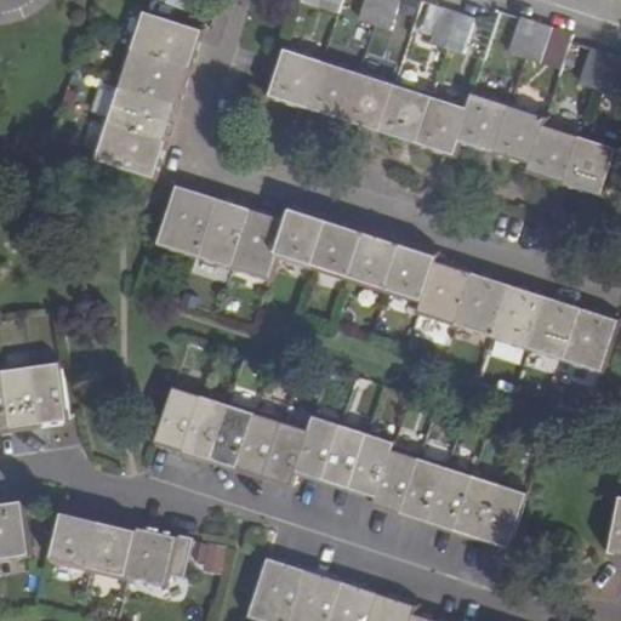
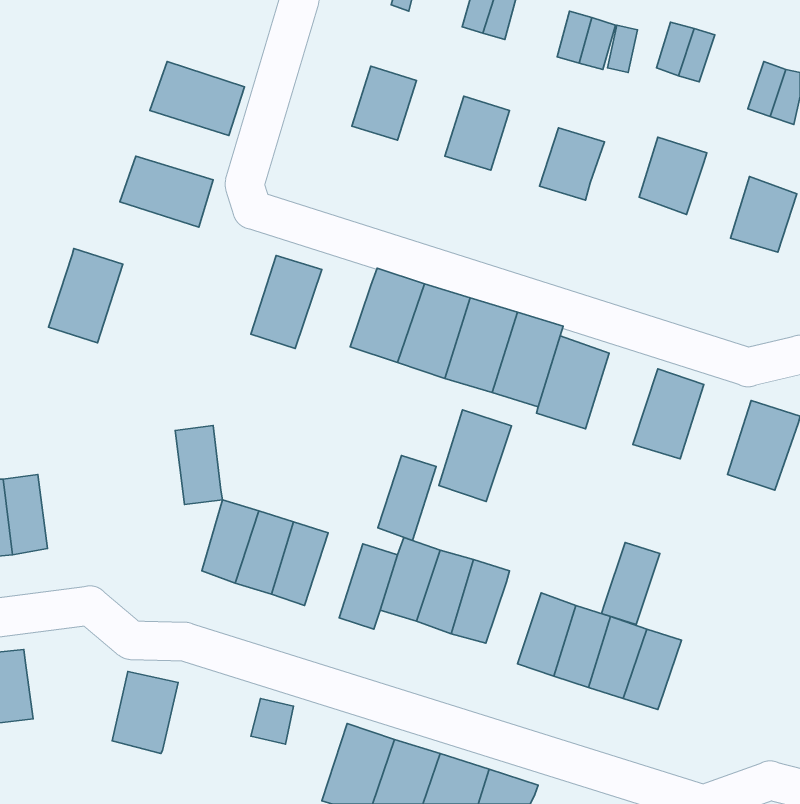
building: [129,11,199,67] -> none
building: [306,62,357,120] -> none
building: [104,85,176,138] -> none
building: [377,85,429,143] -> none
building: [454,93,506,152] -> none
building: [526,125,576,183] -> none
building: [155,184,212,257] -> [49,248,123,343]
building: [227,207,285,280] -> none
building: [450,272,506,342] -> [439,410,511,501]
building: [523,296,577,365] -> none
building: [29,361,65,422] -> [175,426,222,504]
building: [234,410,279,475] -> [378,455,436,541]
building: [371,448,416,511] -> [601,543,660,625]
building: [50,508,98,570] -> none
building: [125,525,192,585] -> none

